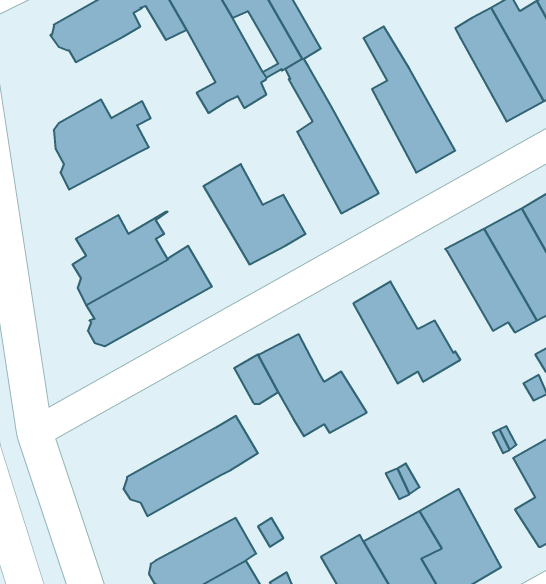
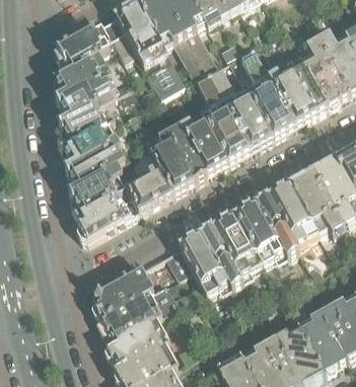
building: none -> [54,54,136,105]
building: none -> [269,55,327,122]
building: none -> [209,65,273,147]
building: none -> [168,110,228,171]
building: none -> [62,123,124,174]
building: none -> [130,143,173,203]
building: none -> [258,181,318,242]
building: none -> [202,213,262,278]
building: none -> [92,264,153,316]
building: none -> [298,305,346,370]
building: none -> [104,315,169,366]

